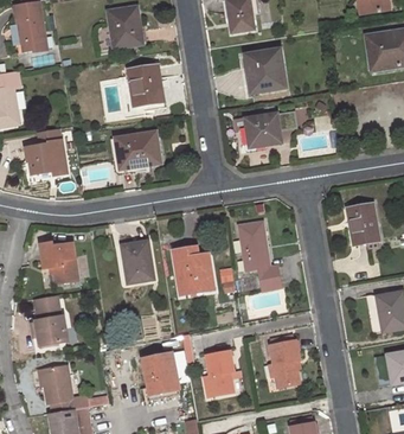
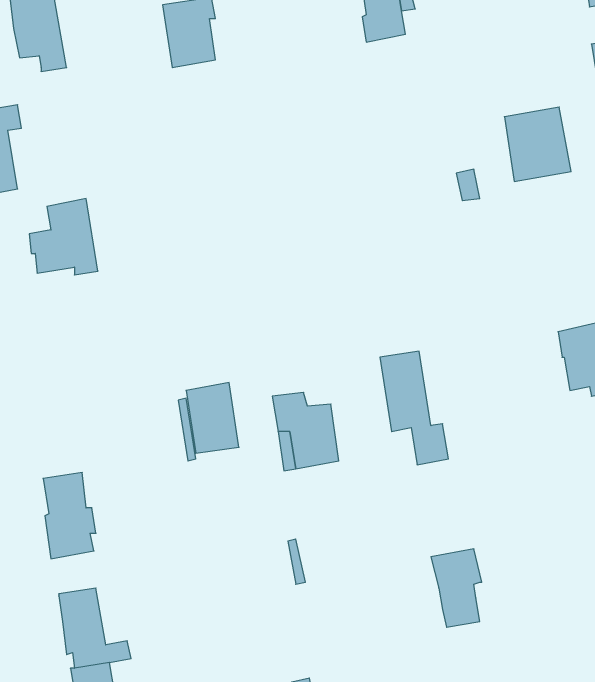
building: [245,47,286,92] -> [504,107,571,181]
building: [128,65,162,106] -> none
building: [244,113,281,147] -> none
building: [114,132,160,168] -> none
building: [38,241,78,281] -> none
building: [204,351,232,397] -> none
building: [142,352,180,394] -> none

